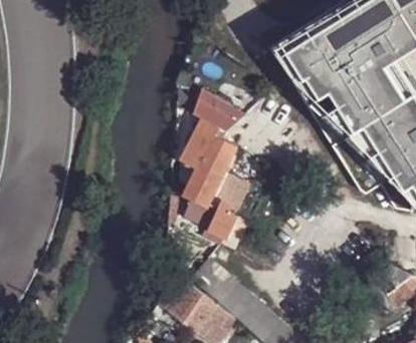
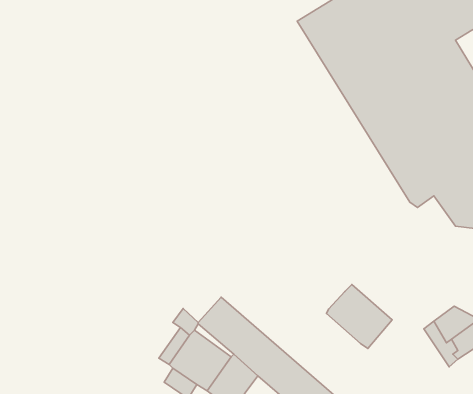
building: [181,89,250,246] -> none
building: none -> [326,285,392,349]

